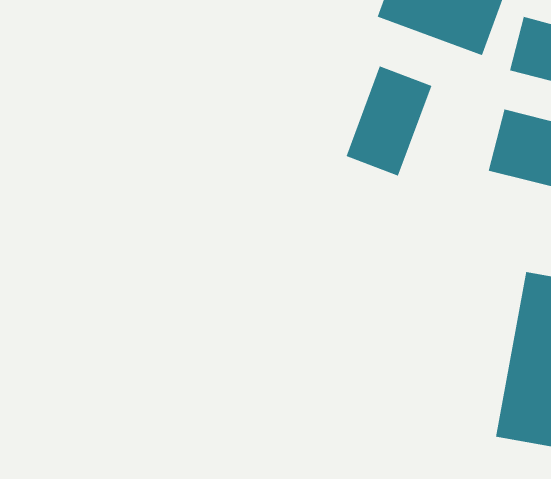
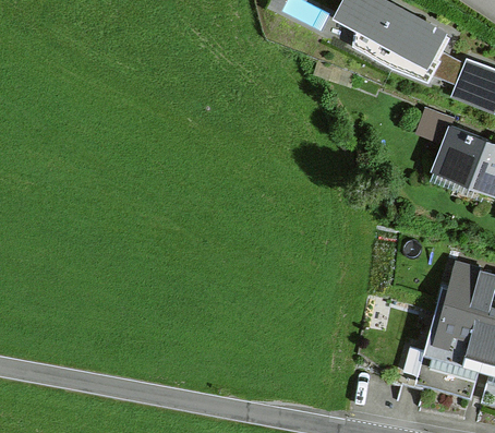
building: [346,65,432,176] -> none

